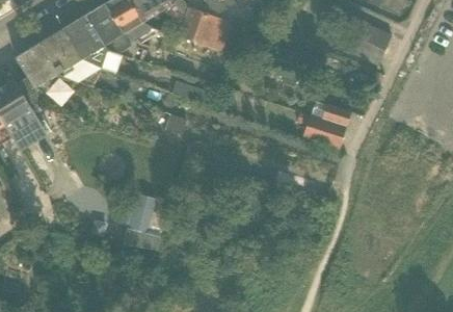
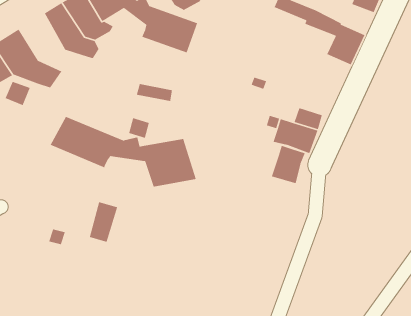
building: [61,15,122,73] -> none
building: none -> [49,116,197,187]
building: none -> [271,145,306,184]

